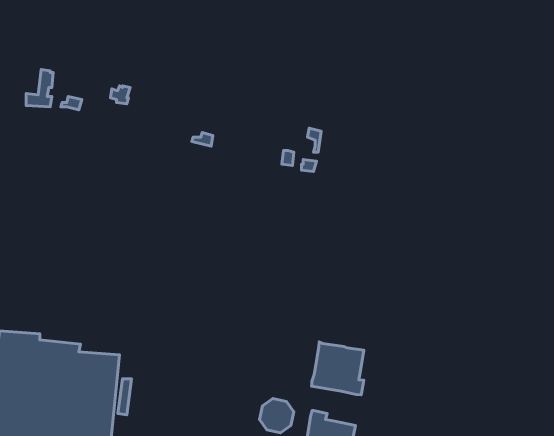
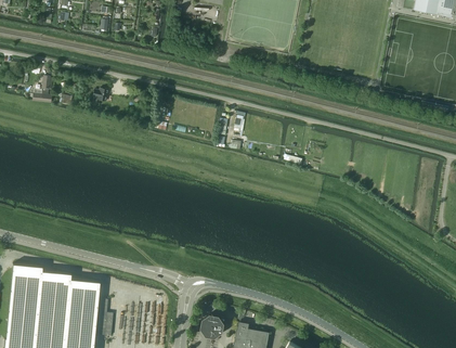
building: [312,342,364,395] -> none

